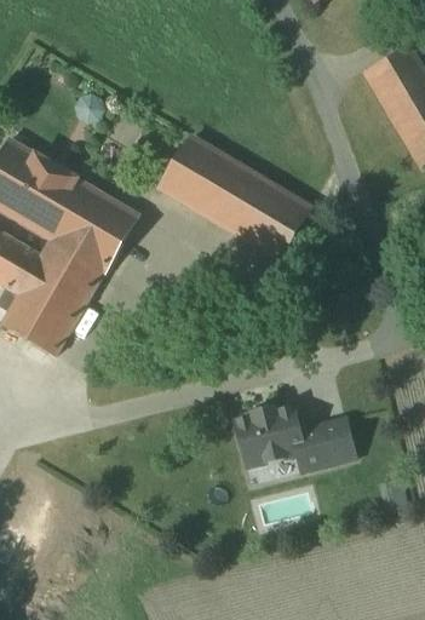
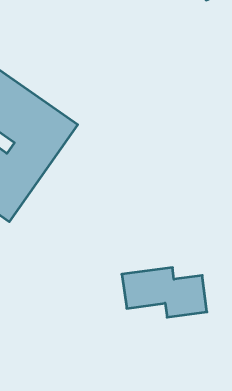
building: [159,138,305,260] -> none

